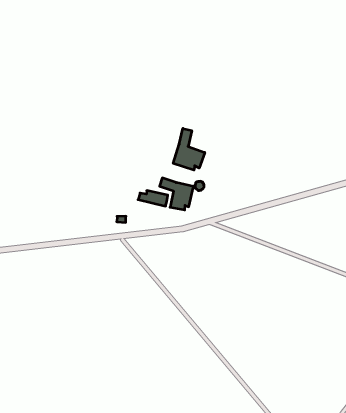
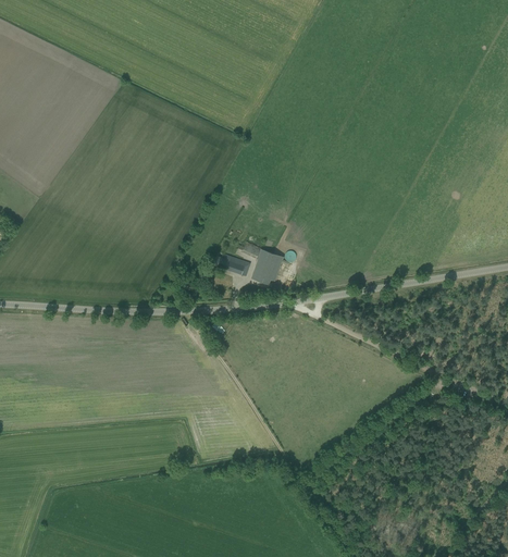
building: [173,128,205,170] -> none

